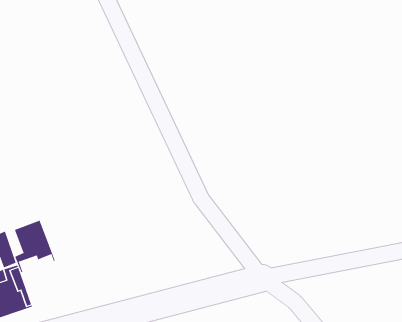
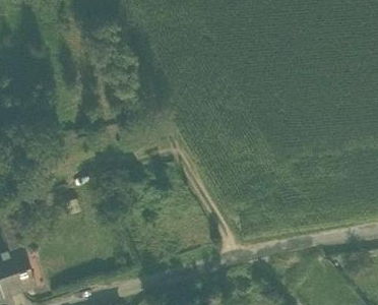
building: [14,220,55,273] -> none

